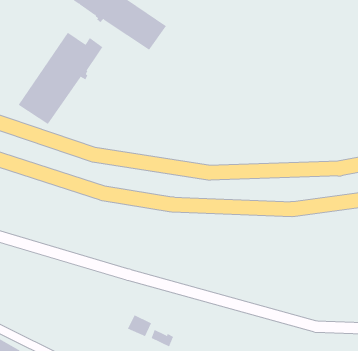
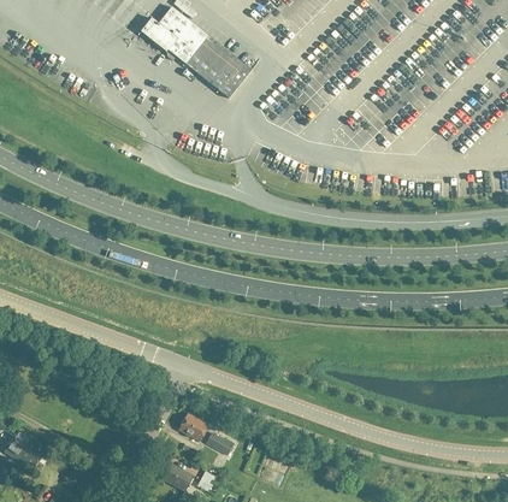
building: [18,32,103,125] -> none

